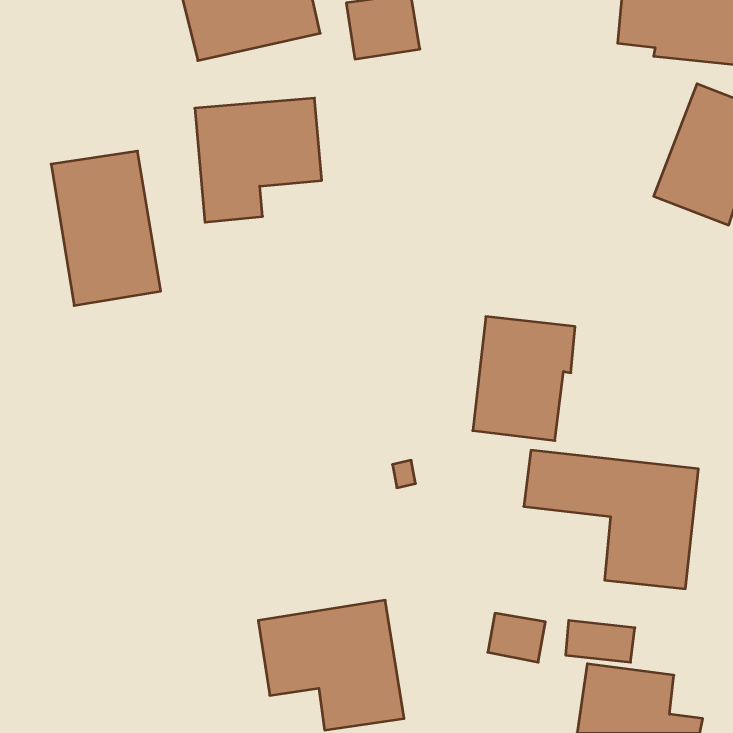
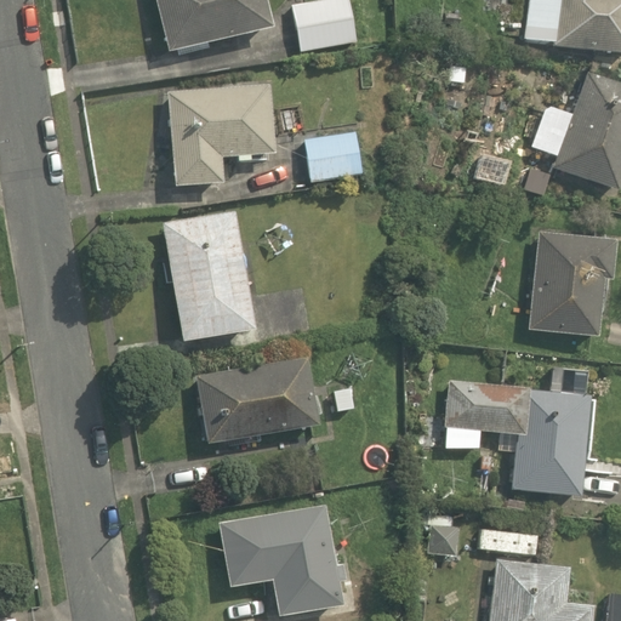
building: [51,151,161,306] -> [163,211,255,341]
building: none -> [304,130,361,181]
building: [473,317,575,441] -> [528,232,614,336]
building: none -> [196,357,320,443]

